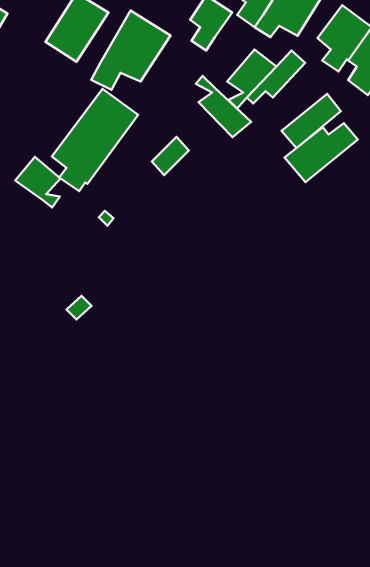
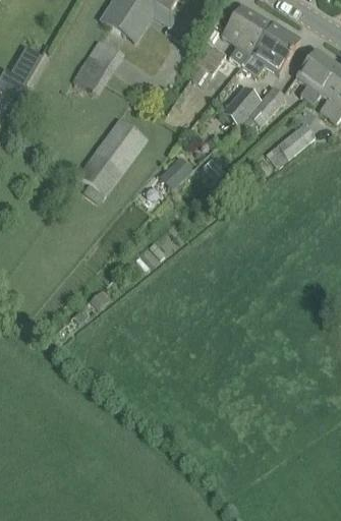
building: [91,11,171,90] -> none
building: [196,76,251,137] -> none
building: [284,123,358,182] -> none
building: [15,157,60,207] -> none

